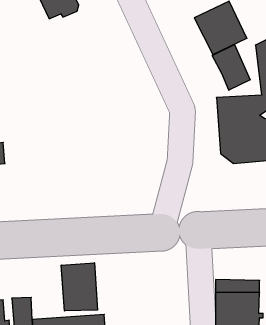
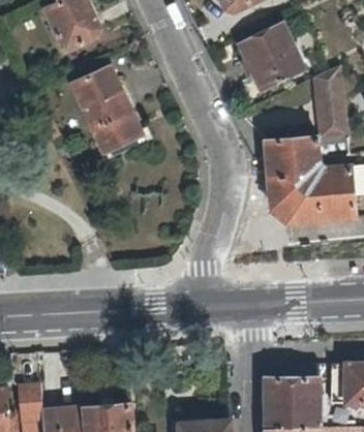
building: none -> [72,69,139,148]
building: [212,45,250,90] -> none
building: [61,263,97,311] -> none

